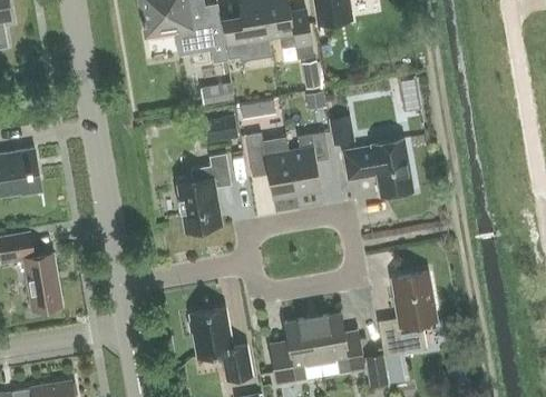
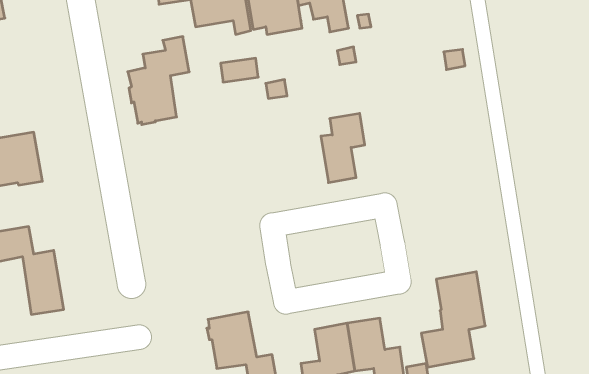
building: [329,115,355,145] -> none
building: [245,133,296,198] -> none
building: [343,139,413,197] -> none
building: [177,153,232,231] -> [128,37,189,125]

